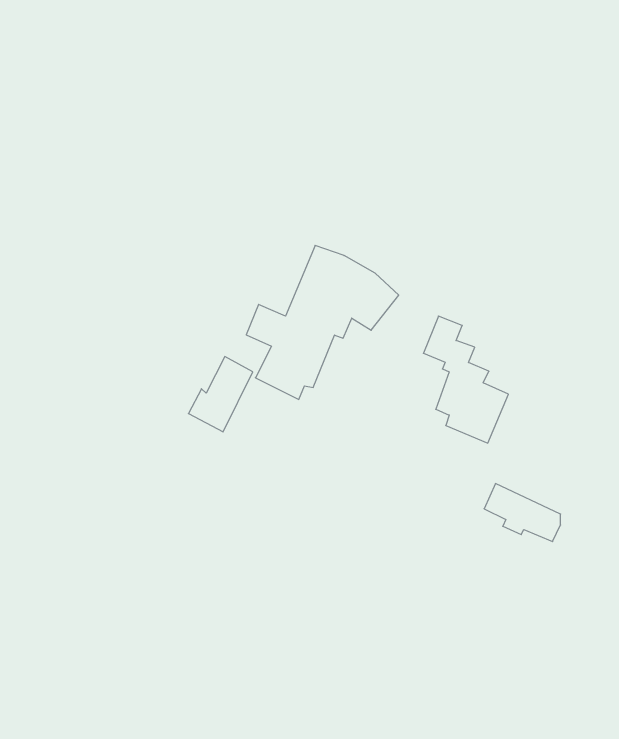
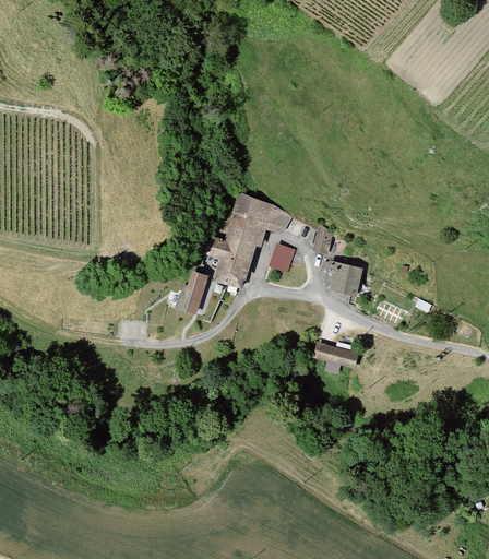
building: none -> [267,245,302,272]
building: [484,484,561,542] -> [312,342,360,371]

